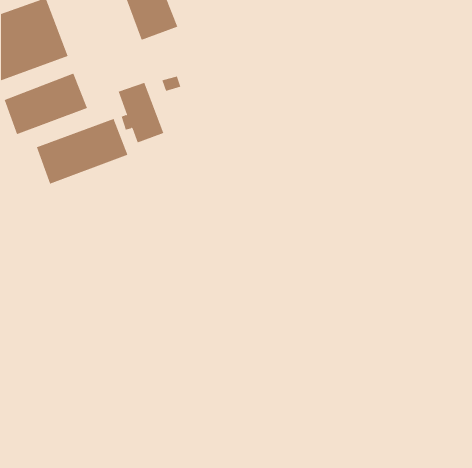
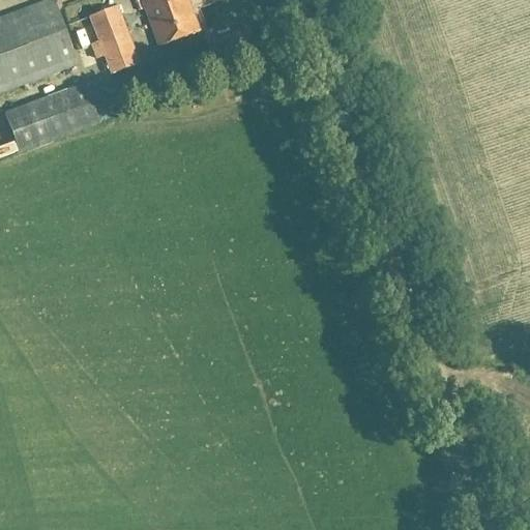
building: [118,82,164,143] -> [87,4,139,72]
building: [36,118,128,185] -> none

